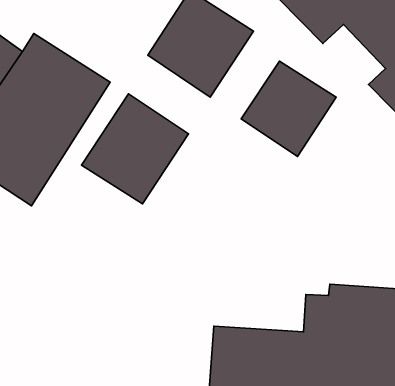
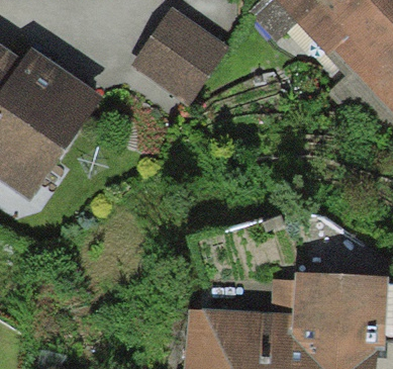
building: [241,61,336,156] -> none
building: [81,94,189,204] -> none

